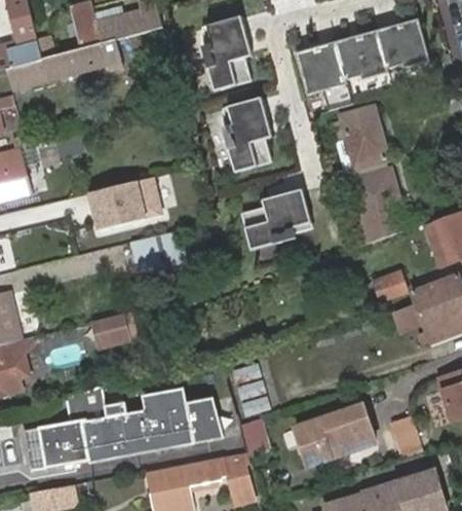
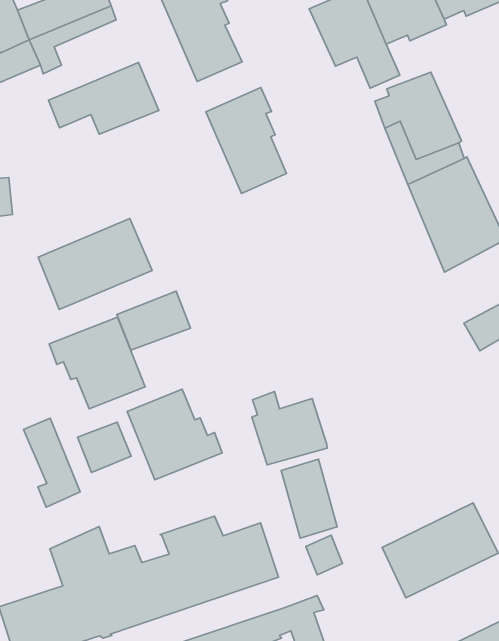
building: none -> [48,62,159,134]
building: [244,189,312,244] -> none
building: none -> [49,317,145,409]
building: none -> [127,389,222,480]
building: none -> [23,418,80,507]
building: none -> [252,391,327,465]

